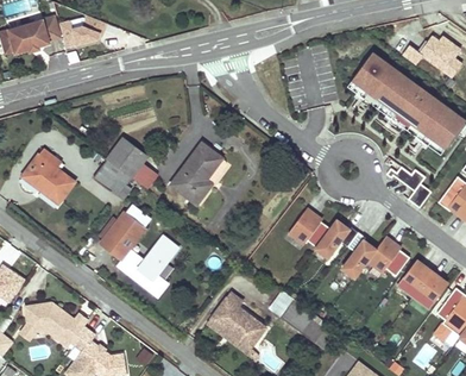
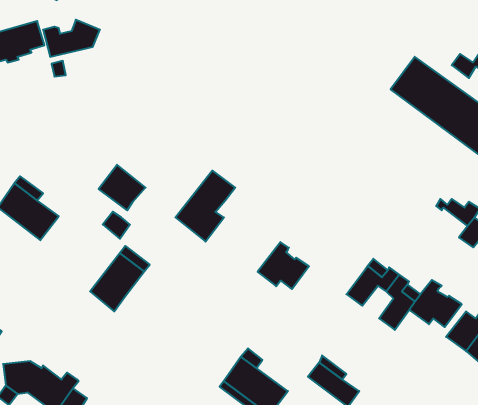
building: [94,159,131,189] -> none
building: [286,207,329,246] -> [258,242,309,289]
building: [116,237,178,297] -> none

